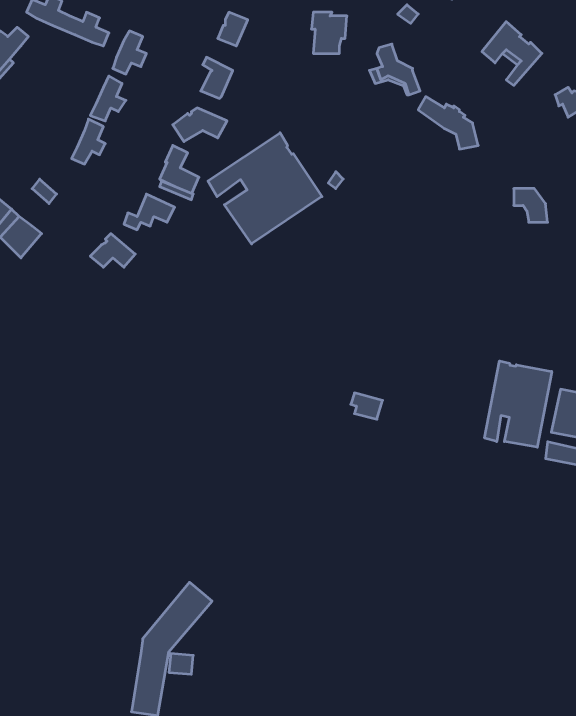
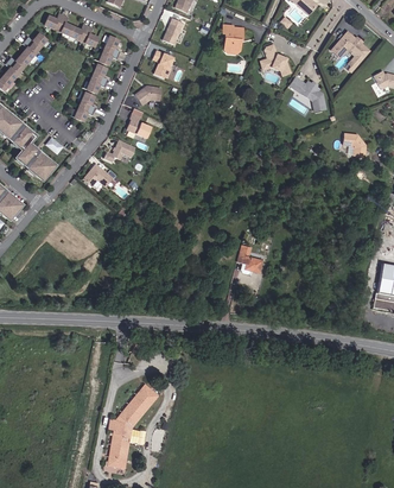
building: [208,133,322,244] -> none
building: [485,361,552,447] -> none

